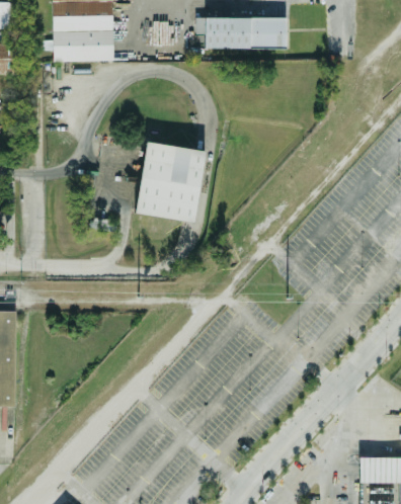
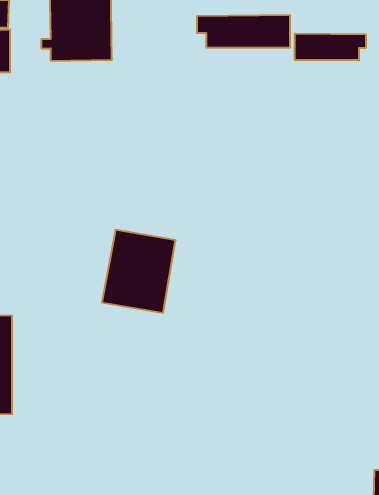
building: none -> [295,33,366,60]
building: [135,142,207,223] -> [102,230,176,313]

